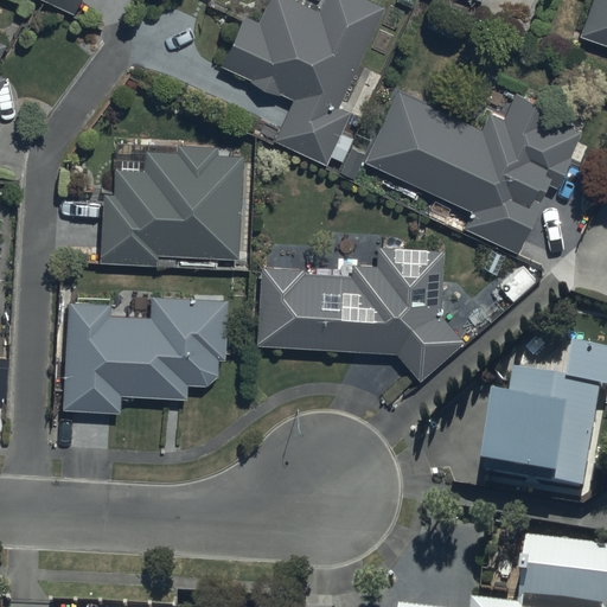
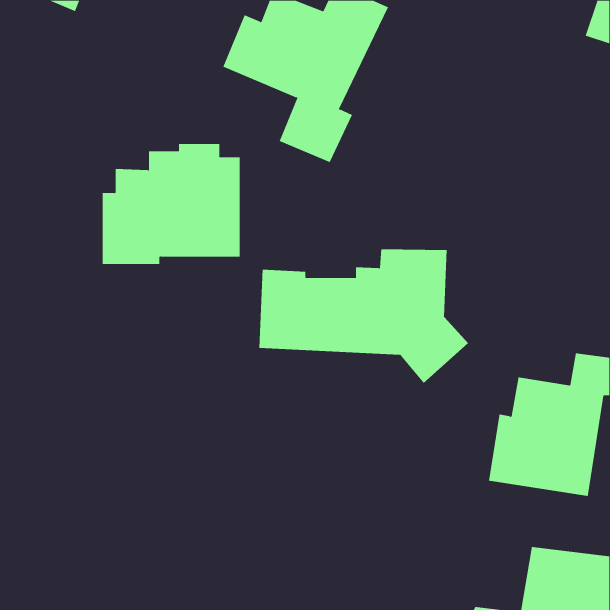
building: [365,91,584,251] -> none
building: [62,295,228,413] -> none

